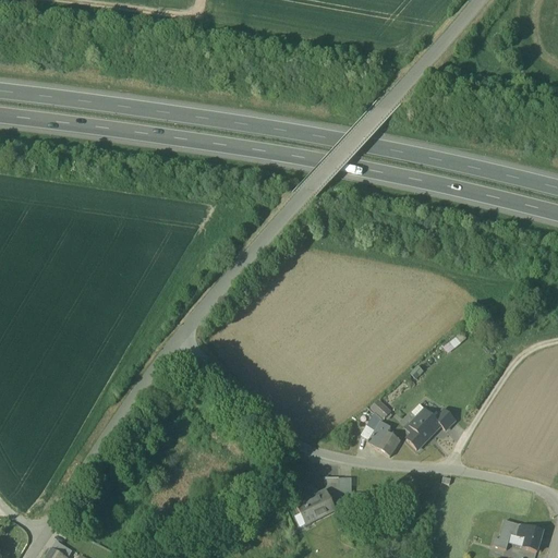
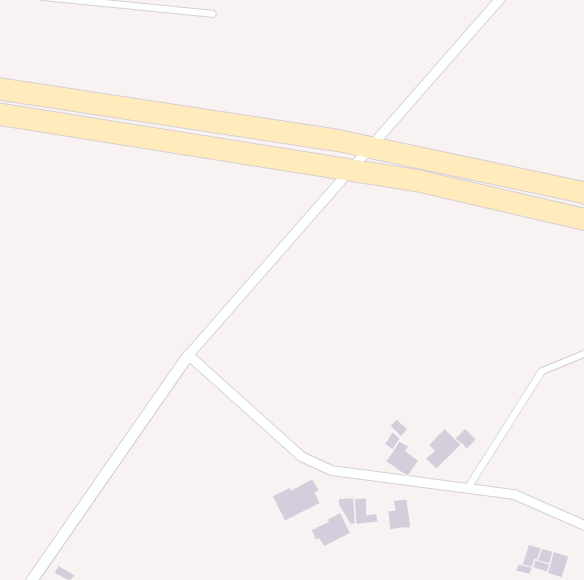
building: none -> [272,478,320,521]
building: none -> [388,499,411,530]

